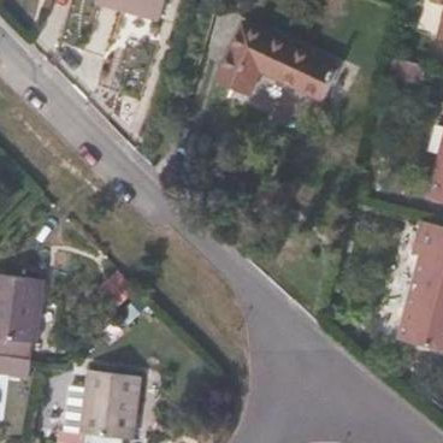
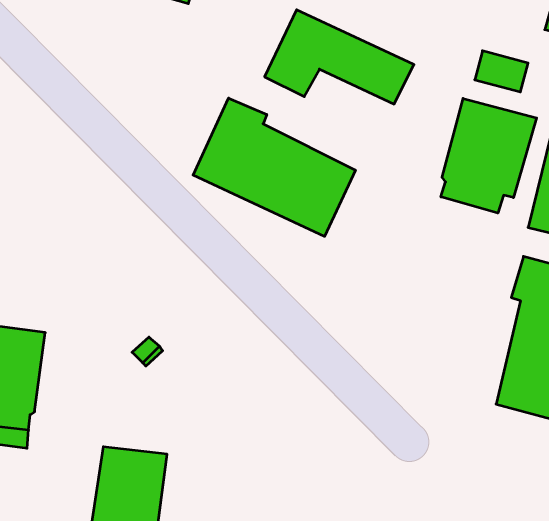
building: none -> [193,98,355,236]
building: none -> [441,98,537,213]

